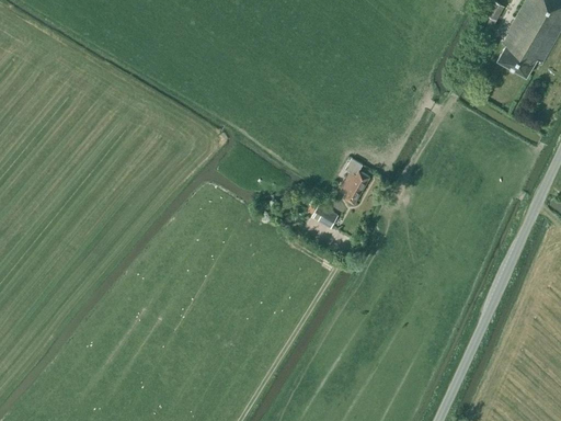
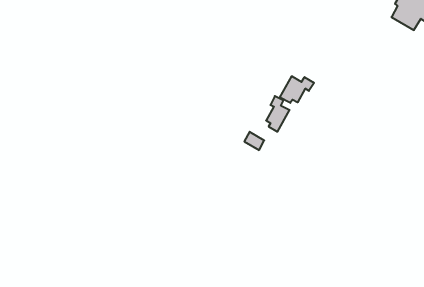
building: none -> [280,76,314,103]

